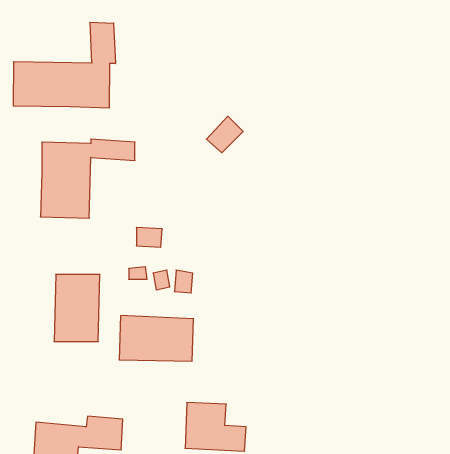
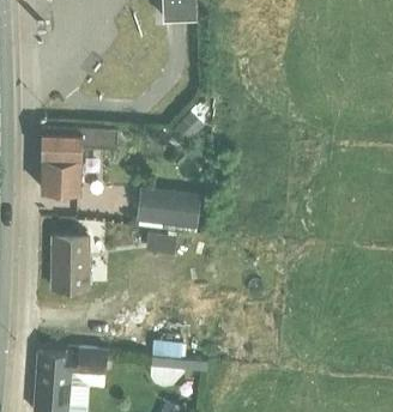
building: [13,22,115,108] -> none
building: [119,316,194,361] -> [141,189,200,225]

